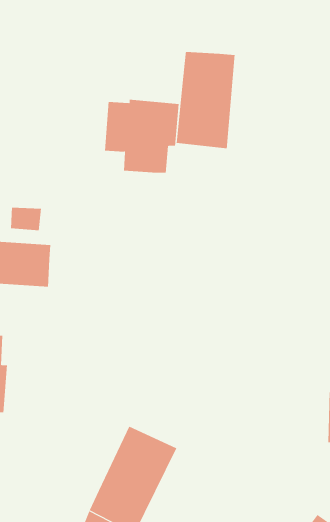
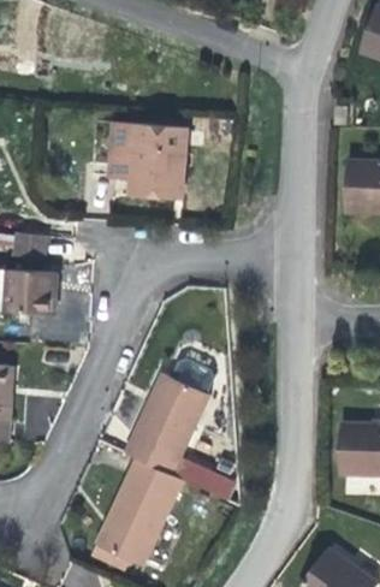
building: [176,51,235,149] -> none
building: none -> [125,373,209,487]

